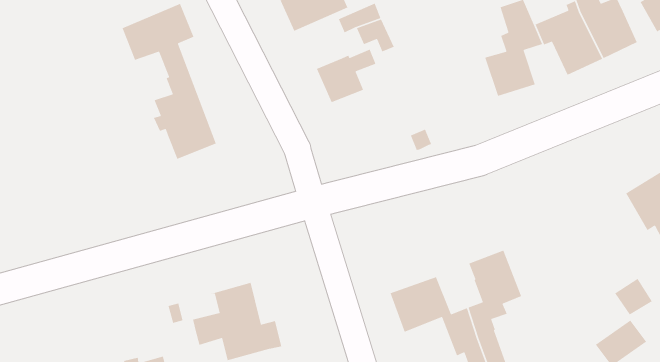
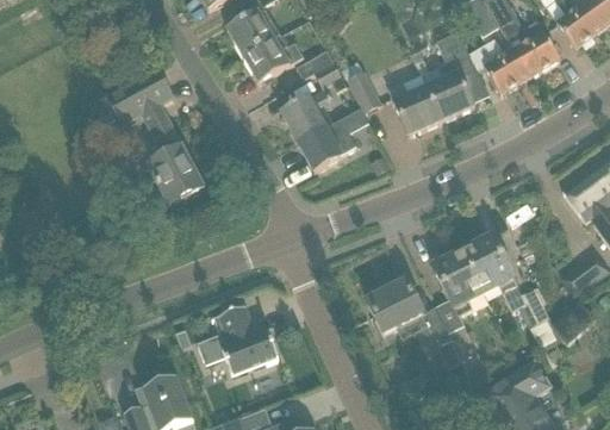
building: none -> [347,69,381,111]
building: none -> [388,81,442,135]
building: none -> [298,119,356,170]
building: none -> [462,236,550,325]

